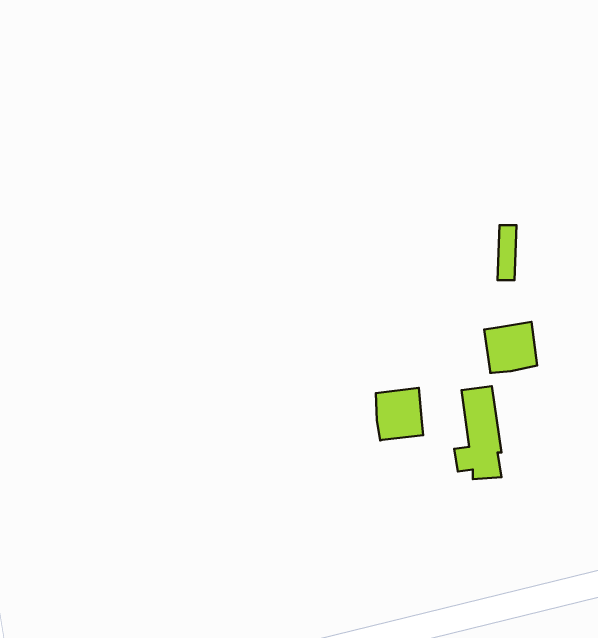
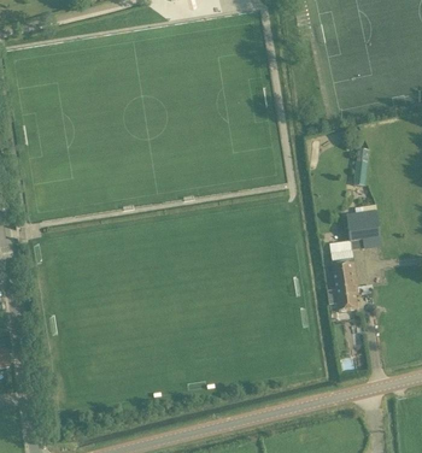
building: [376,388,423,440] -> none

